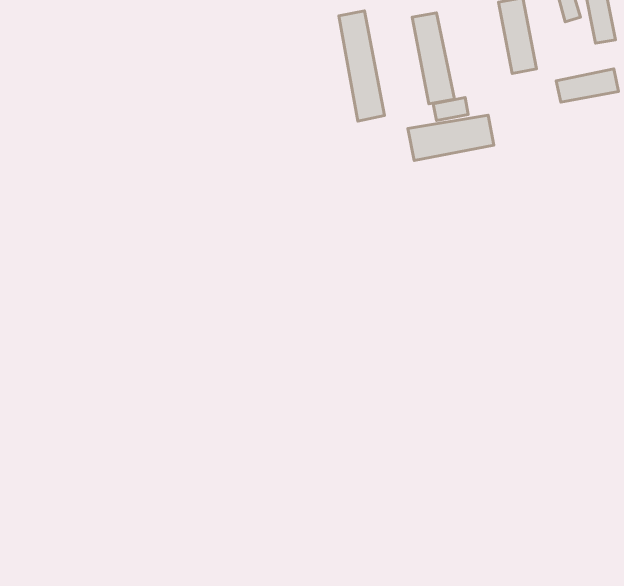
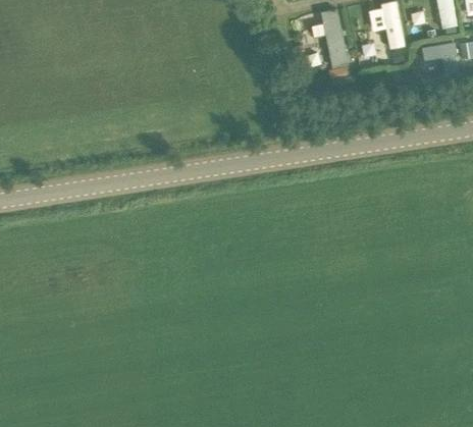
building: [339,11,385,121] -> none
building: [408,115,494,161] -> none

